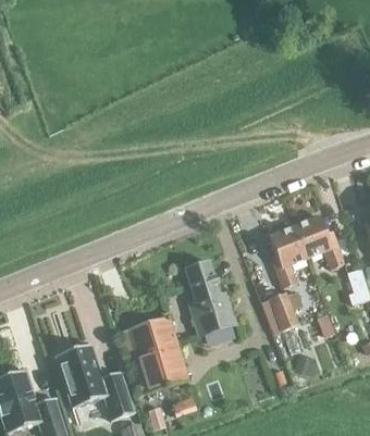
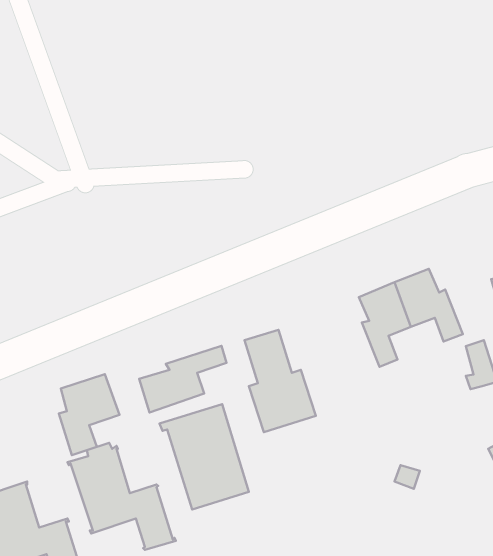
building: none -> [139,346,227,412]
building: none -> [59,374,120,455]
building: [261,291,299,334] -> none

